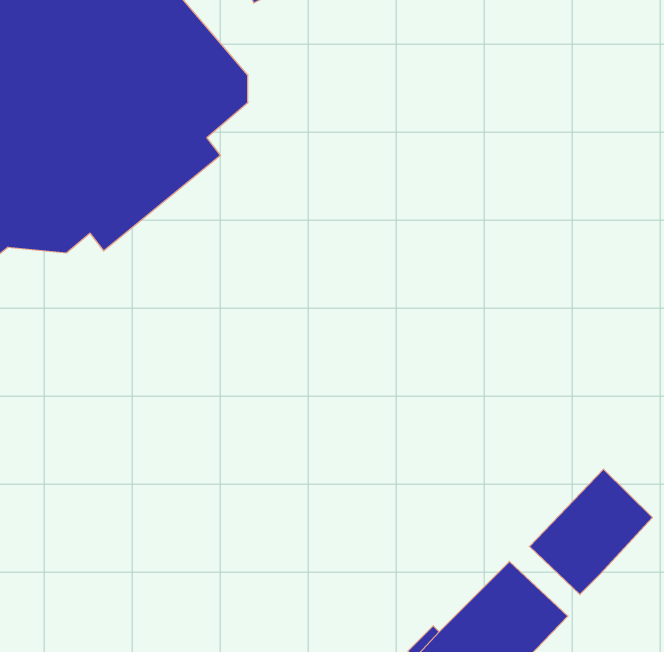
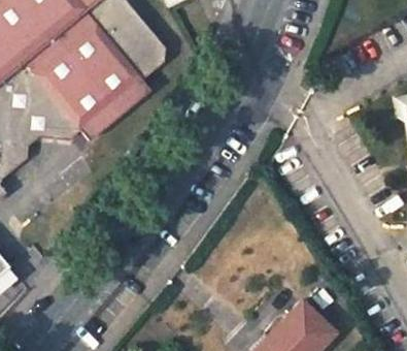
building: [529,469,652,595] -> none

